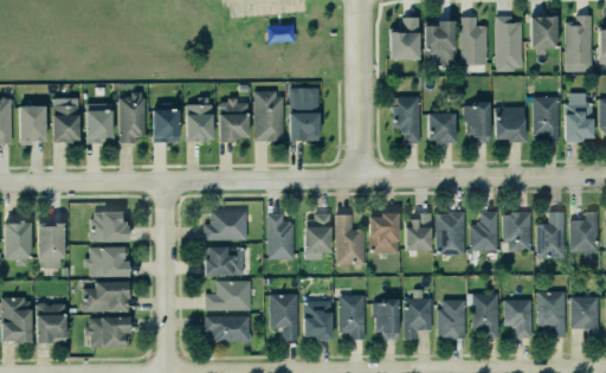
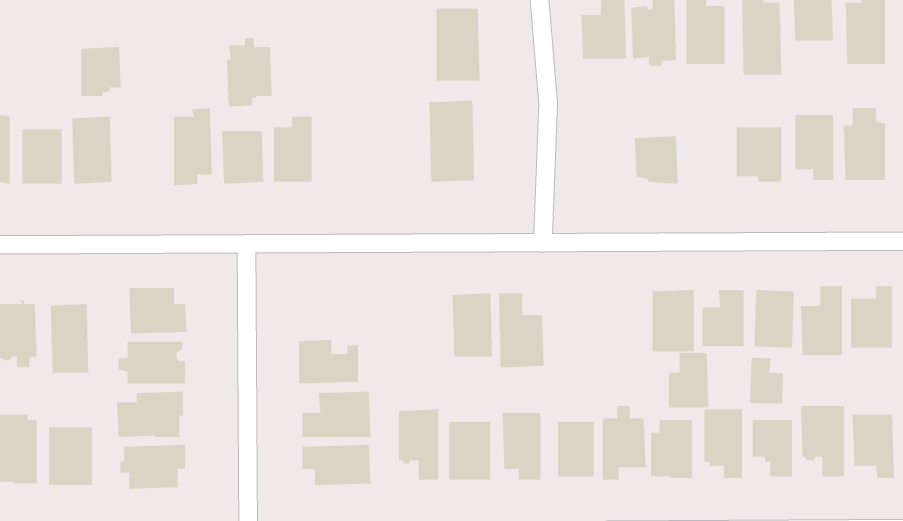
building: [256,94,285,142] -> [436,8,480,81]
building: [387,95,420,144] -> none
building: [217,97,247,143] -> [226,38,273,107]
building: [462,101,490,143] -> none
building: [85,110,112,143] -> [80,47,121,97]
building: [204,210,247,240] -> none
building: [267,214,295,259] -> none
building: [406,214,433,251] -> [668,352,709,408]
building: [370,216,400,253] -> none
building: none -> [750,357,784,404]

